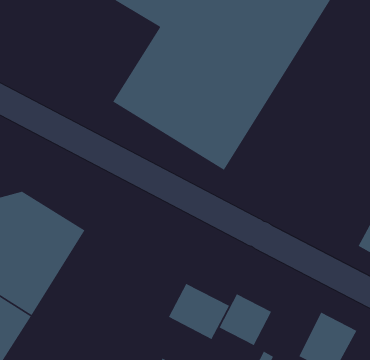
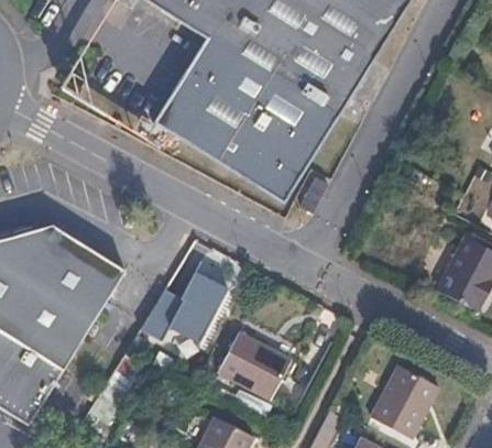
building: none -> [162,265,226,340]
building: [219,293,272,346] -> none

